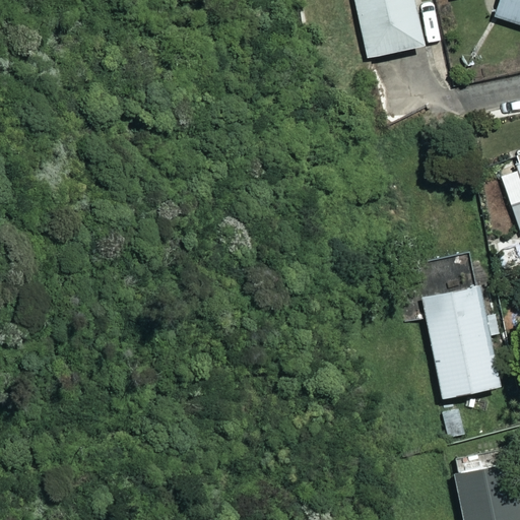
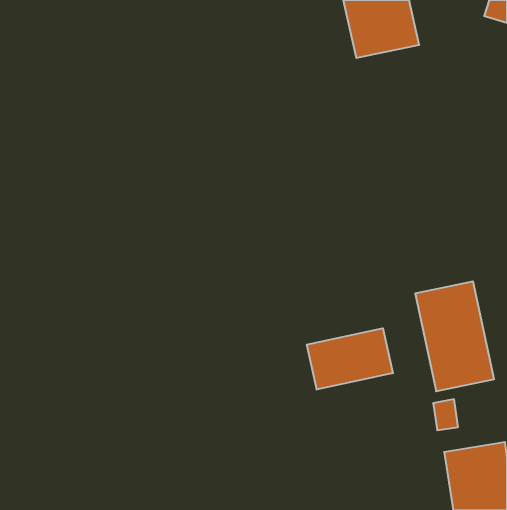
building: none -> [307,328,393,390]

